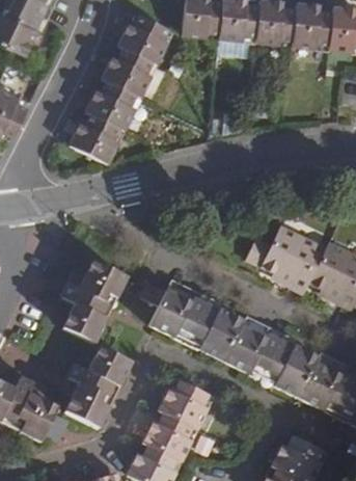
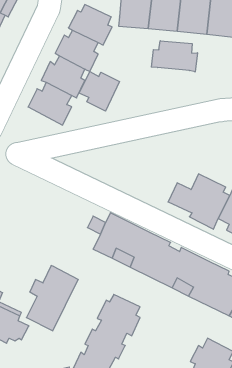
building: none -> [151,41,197,72]
building: none -> [79,71,120,111]
building: [61,260,125,342] -> none

